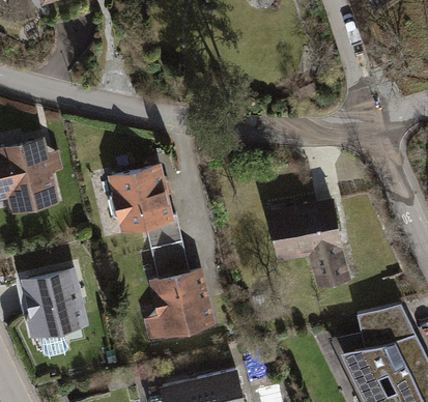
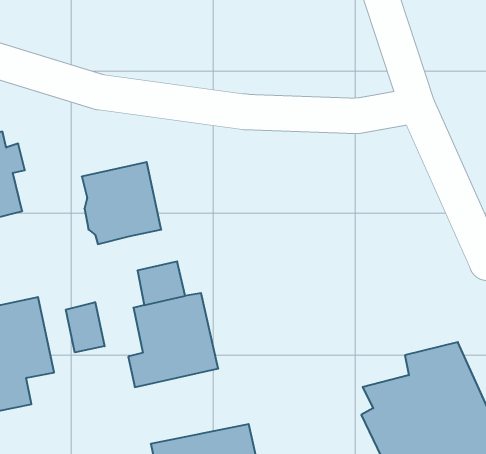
building: [268,197,349,288] -> none
building: [145,214,182,248] -> none
building: none -> [66,302,105,352]

